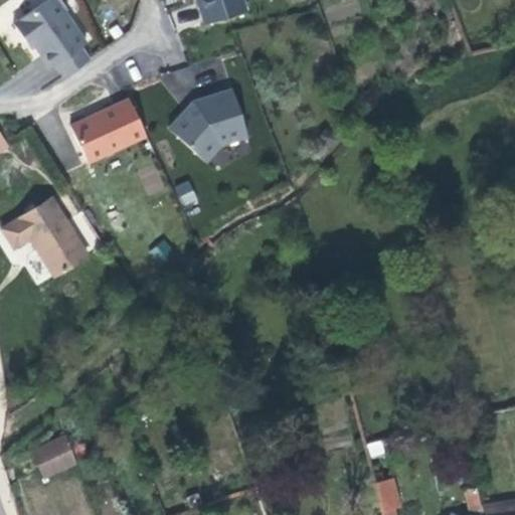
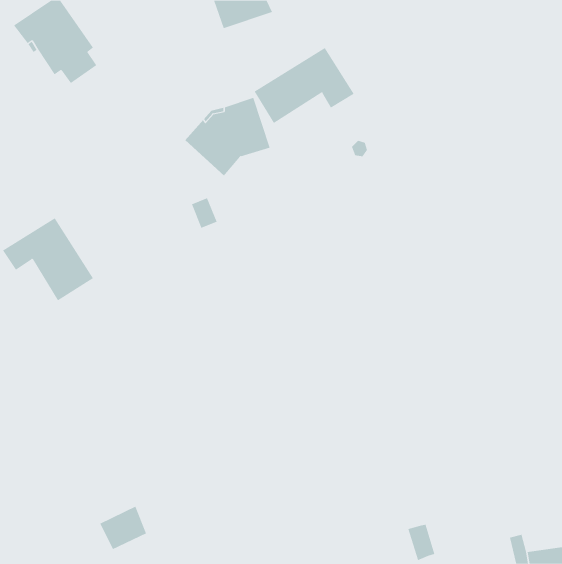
building: none -> [254,47,355,124]
building: [71,99,148,163] -> none
building: [34,436,77,476] -> [99,506,147,550]

